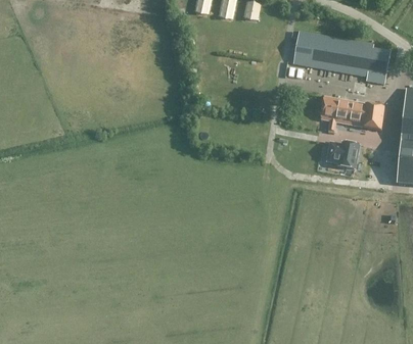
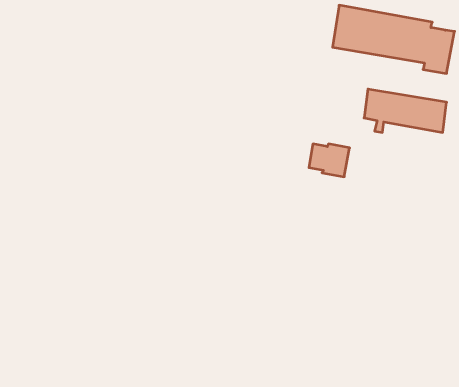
building: [327,142,359,167] -> [309,144,350,177]

